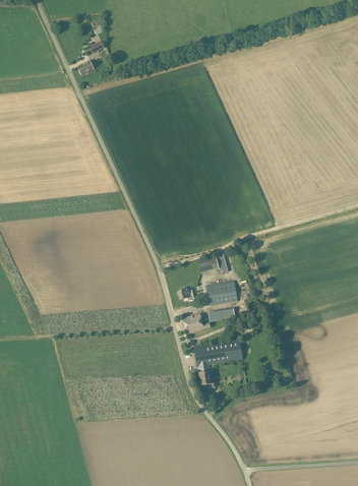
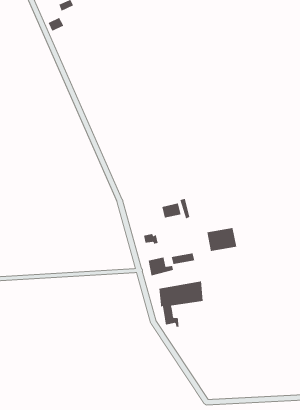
building: [205,281,238,306] -> [206,227,237,251]

